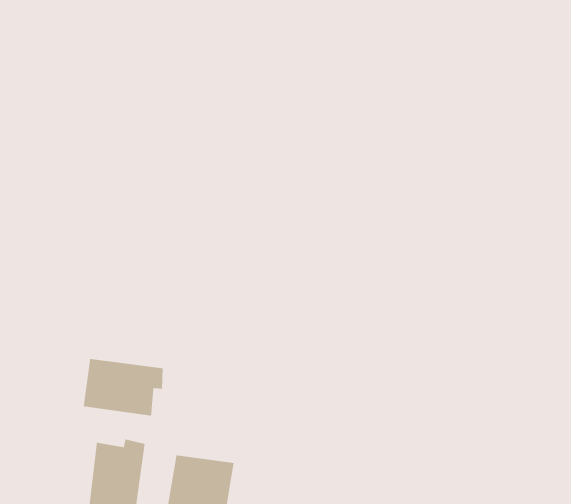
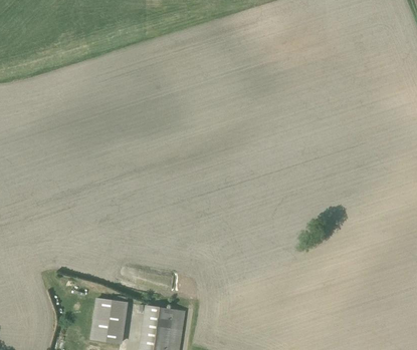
building: [83,358,164,417] -> none

